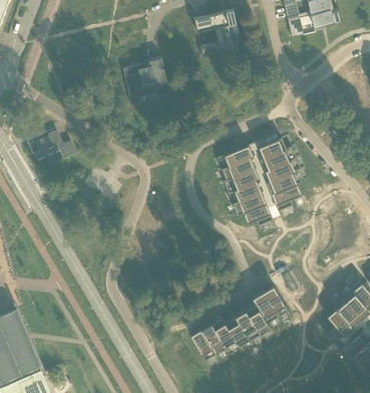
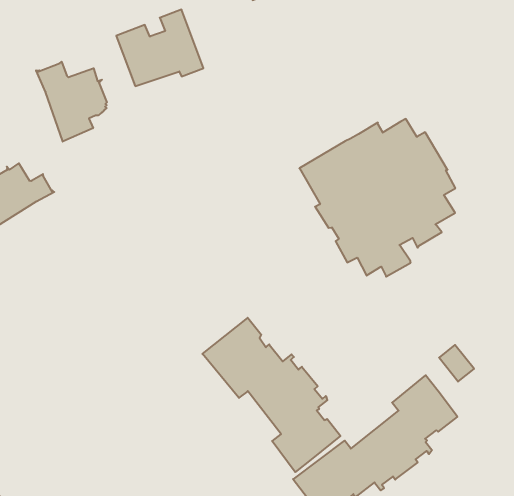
building: none -> [36,62,107,142]
building: none -> [202,318,340,472]

